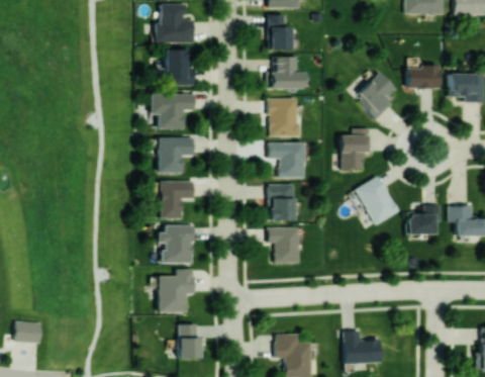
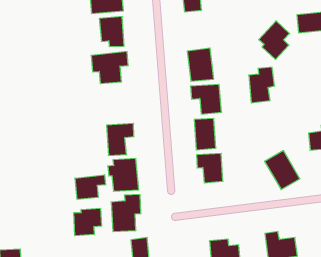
building: [266,57,303,89] -> none
building: [160,137,194,173] -> none
building: [357,177,398,224] -> [265,151,300,190]
building: none -> [75,175,106,199]
building: none -> [74,208,102,236]

